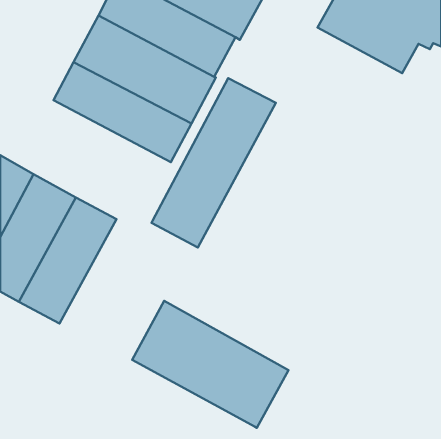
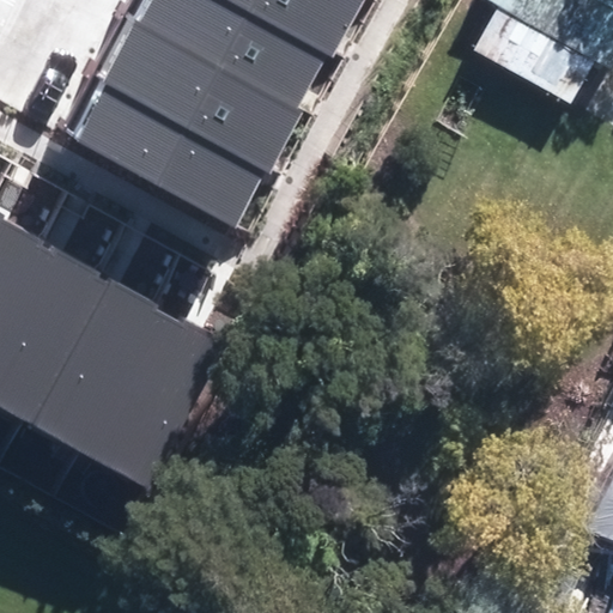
building: [151,78,276,248] -> none
building: none -> [83,304,225,485]
building: [132,301,288,428] -> none

